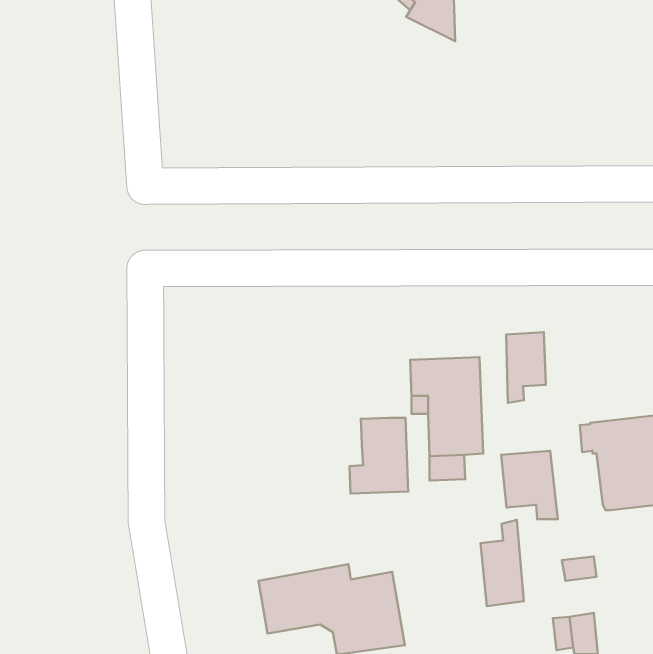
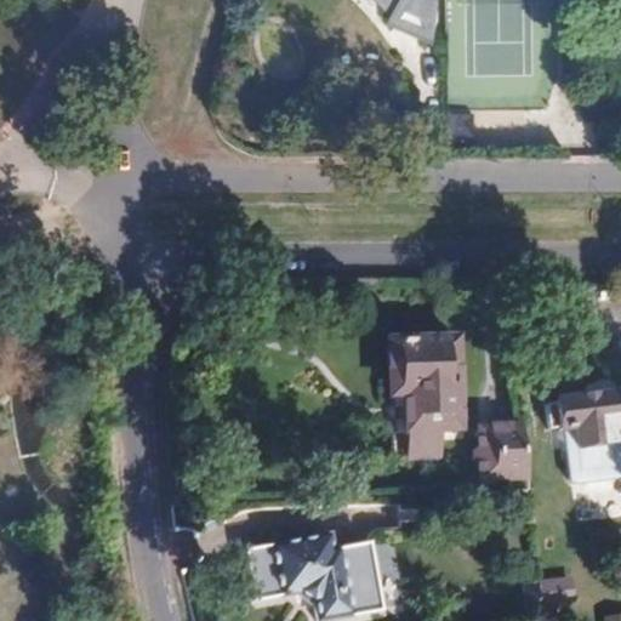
building: [506,332,546,403] -> none
building: [349,418,408,494] -> none
building: [481,520,524,606] -> none

